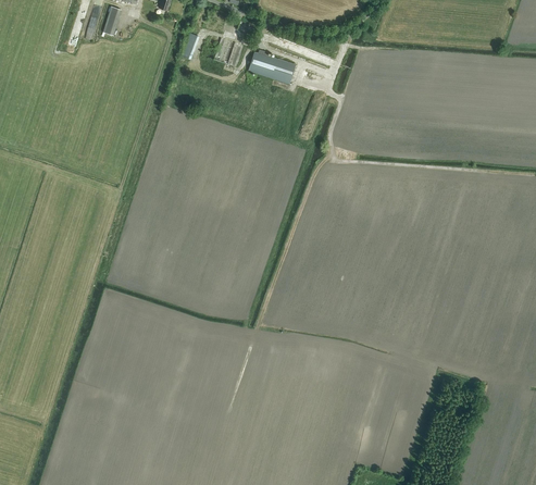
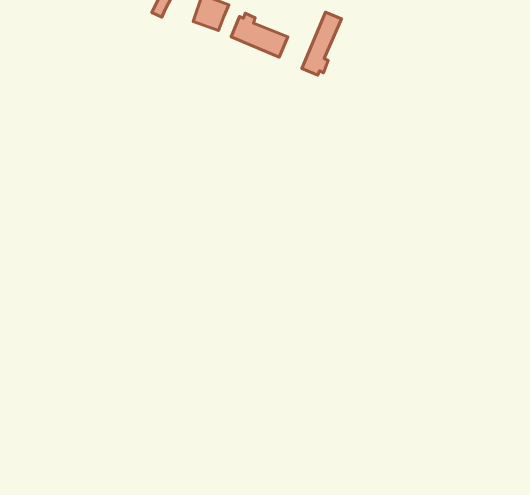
building: none -> [302,12,341,75]

